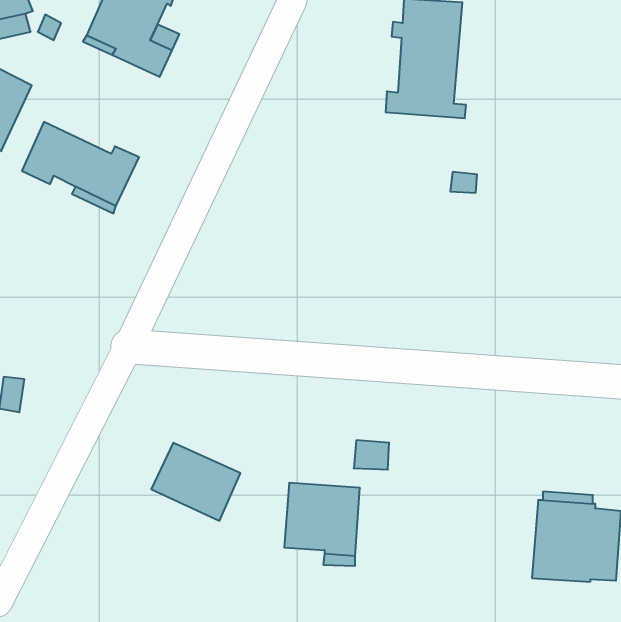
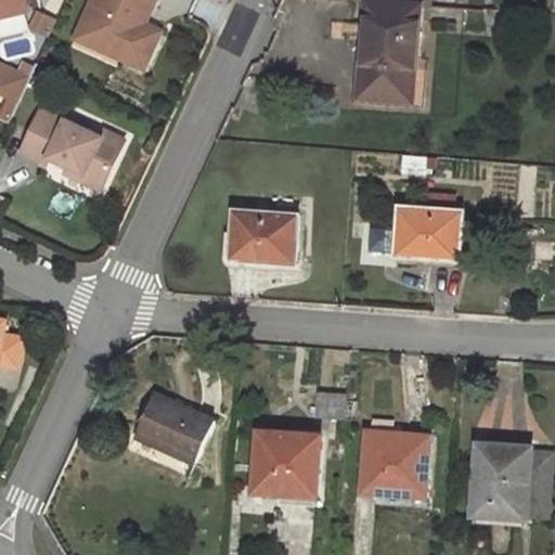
building: none -> [396,206,462,259]
building: none -> [230,209,298,263]
building: none -> [361,433,428,503]

